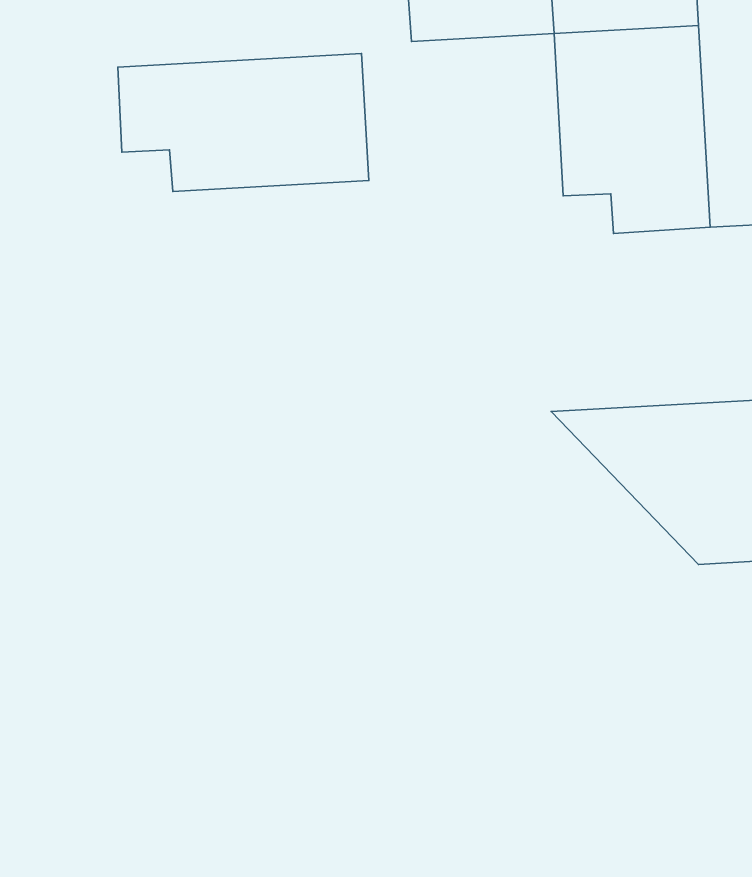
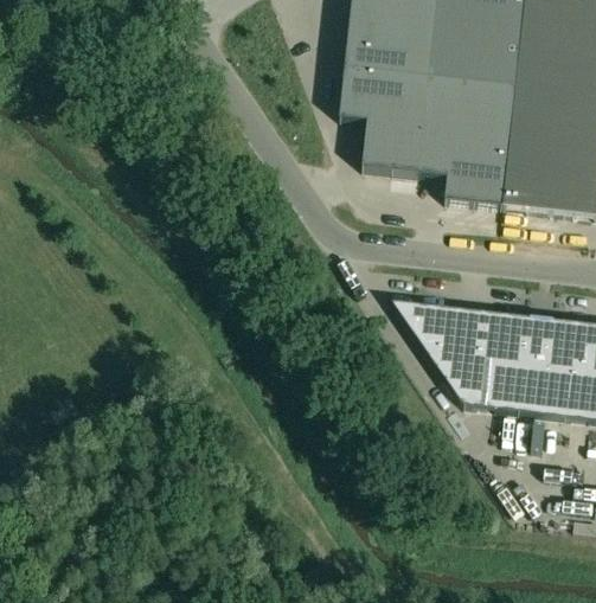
building: none -> [339,65,430,172]
building: [118,54,369,192] -> none

